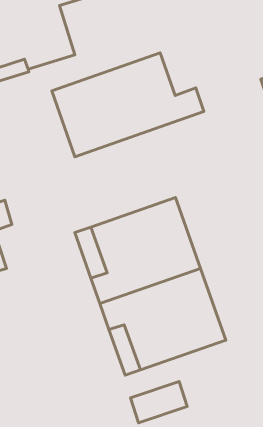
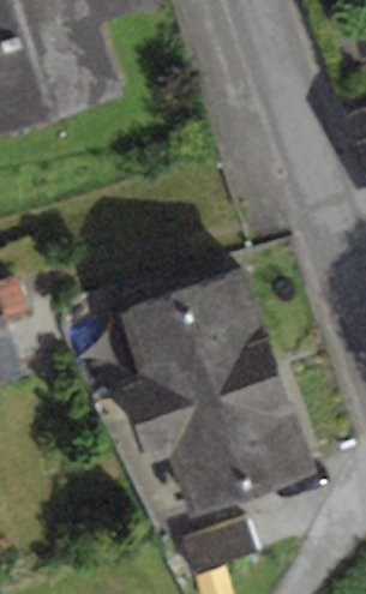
building: [52,53,204,157] -> none

